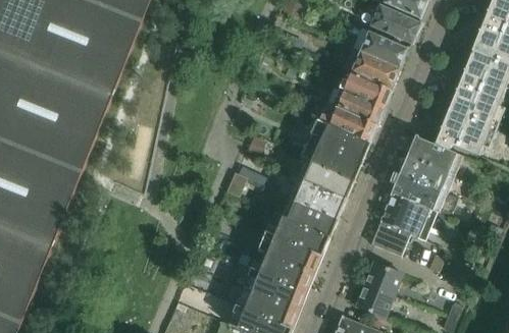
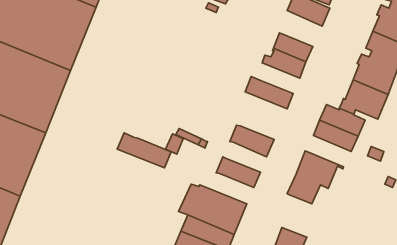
building: [360,33,407,68] -> none
building: [336,88,385,124] -> none
building: [301,121,369,179] -> none
building: [393,174,458,217] -> none
building: [293,181,345,218] -> none
building: [265,214,329,256] -> [117,133,171,168]
building: [363,262,401,295] -> none

